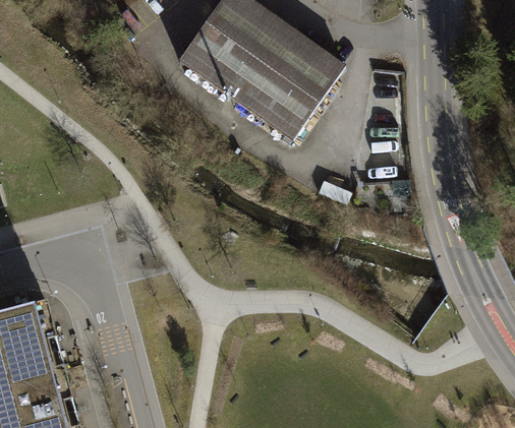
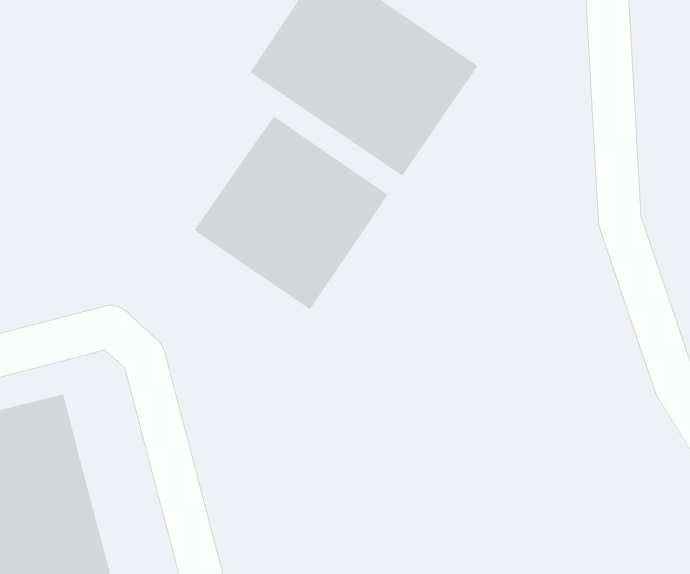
building: none -> [194,116,389,310]

